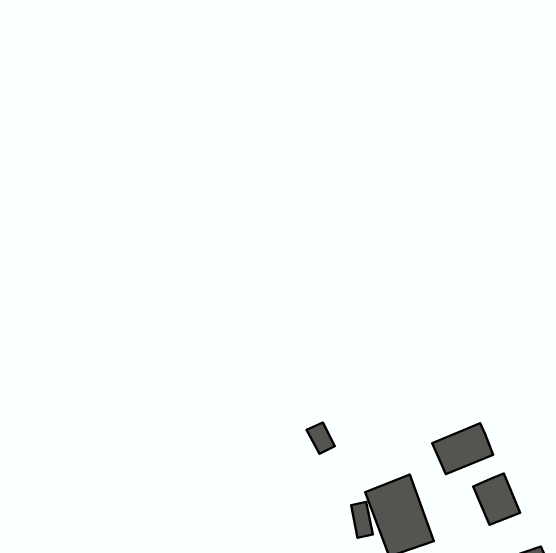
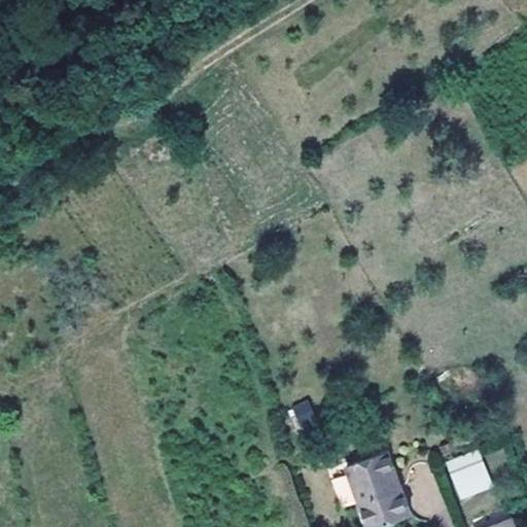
building: [432,423,493,474] -> none

